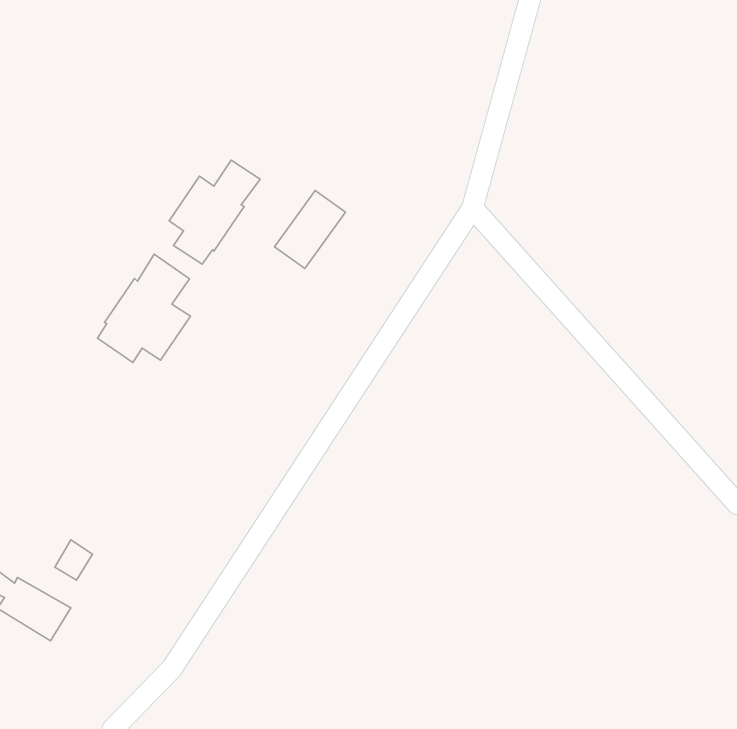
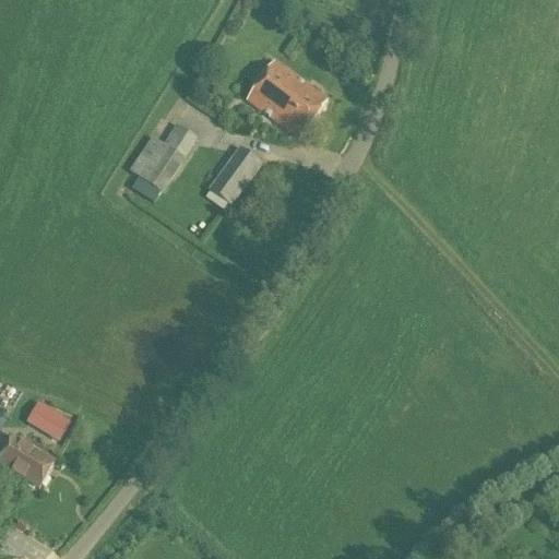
building: none -> [248,60,325,134]
building: [97,254,190,363] -> none

